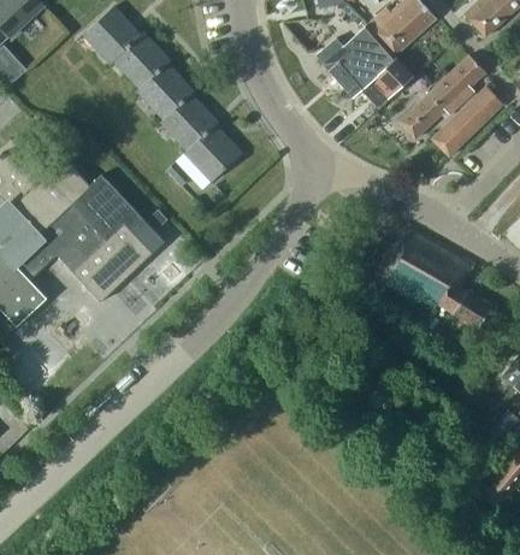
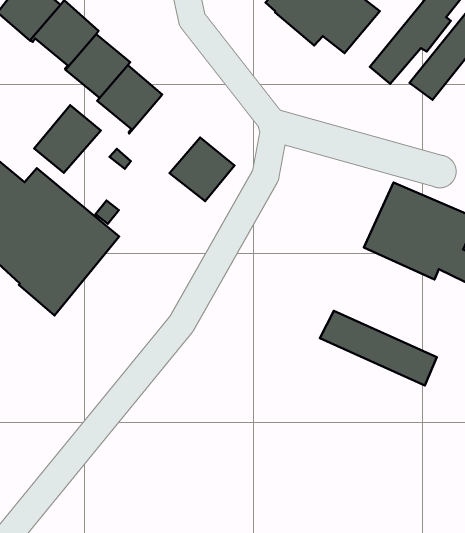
building: none -> [34,105,101,173]
building: [185,126,242,182] -> [170,137,234,201]
building: none -> [320,311,437,385]

